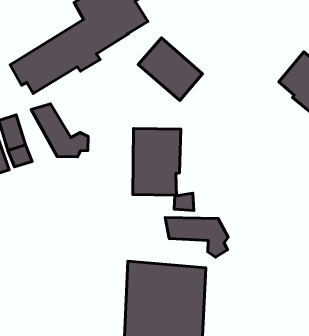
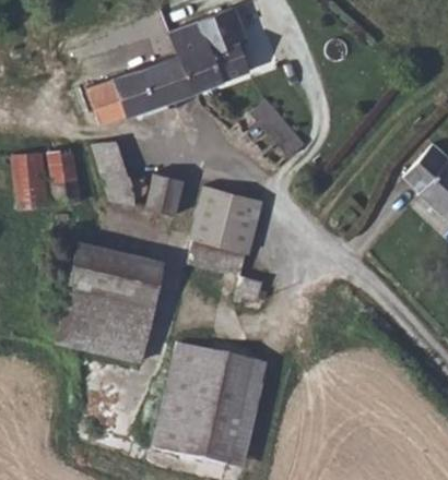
building: none -> [149,177,184,220]
building: none -> [55,240,165,363]
building: [165,218,228,257] -> none

